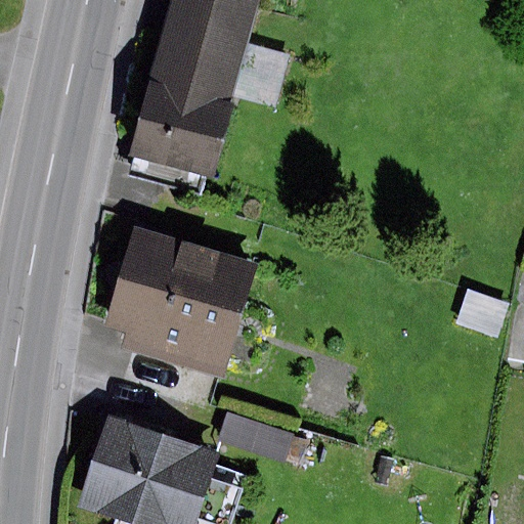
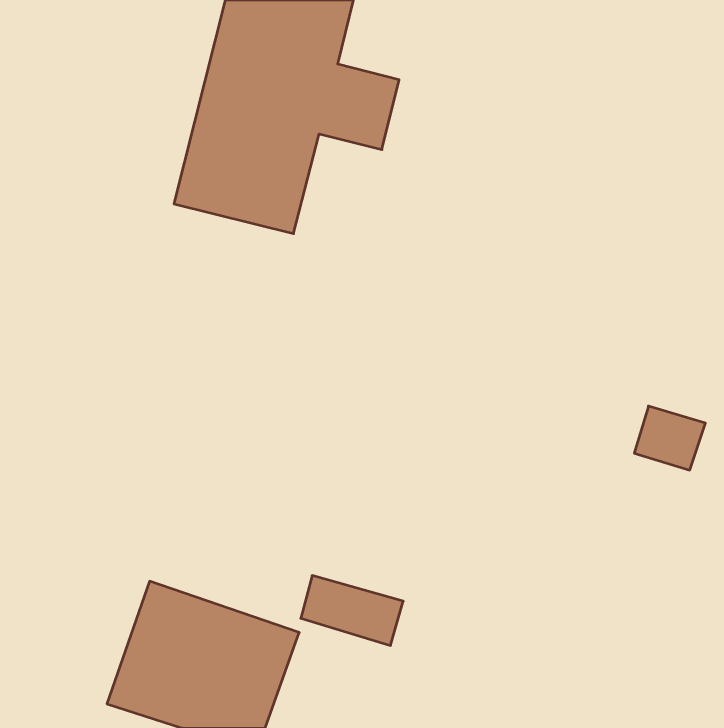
building: [105,225,260,379] -> none

